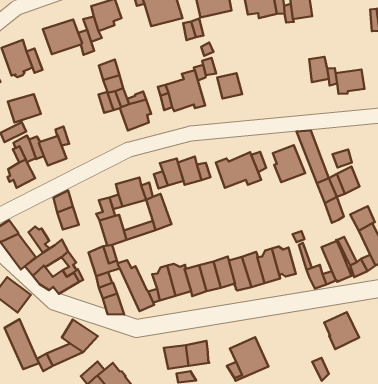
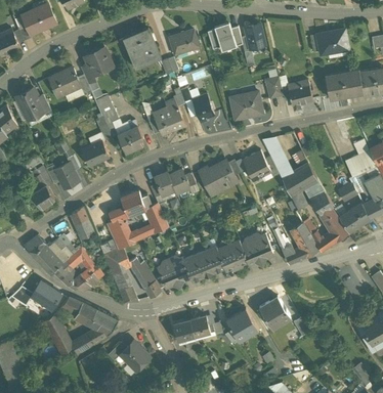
building: none -> [229,91,262,120]
building: [8,94,41,123] -> [81,140,109,165]
building: none -> [59,296,96,324]
building: [324,312,359,349] -> [259,297,289,328]

